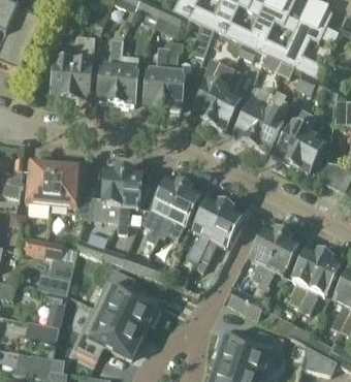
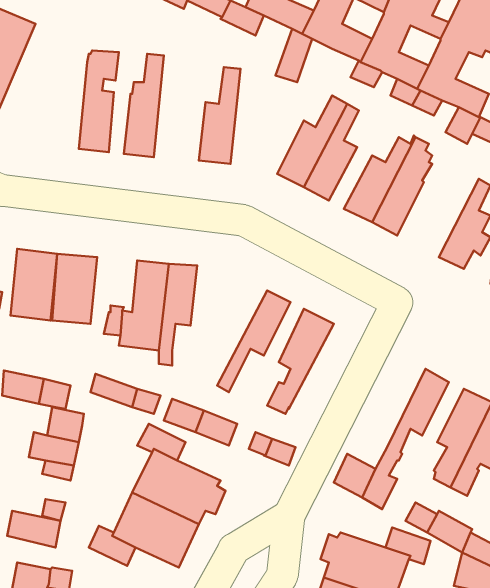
building: [116,39,138,103] -> none
building: [45,41,74,97] -> none
building: [163,41,184,108] -> none
building: [276,108,317,164] -> none
building: [142,176,186,244] -> none
building: [199,205,242,261] -> none
building: [250,225,284,282] -> none

